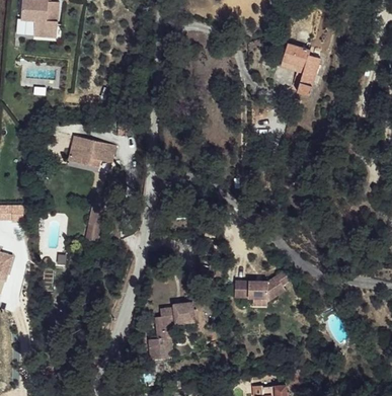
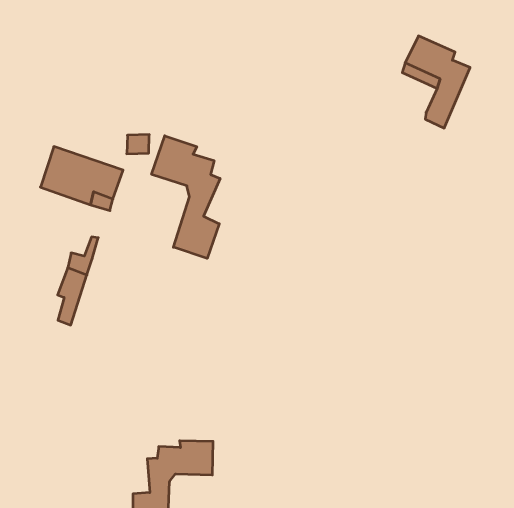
building: none -> [152,136,220,258]
building: [235,268,288,305] -> none

